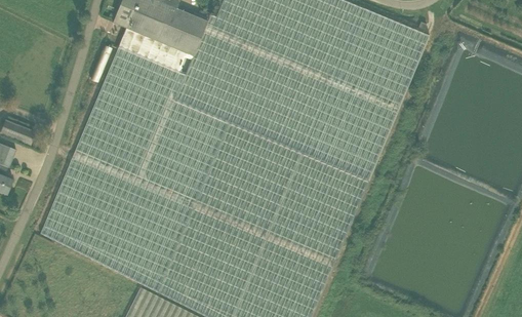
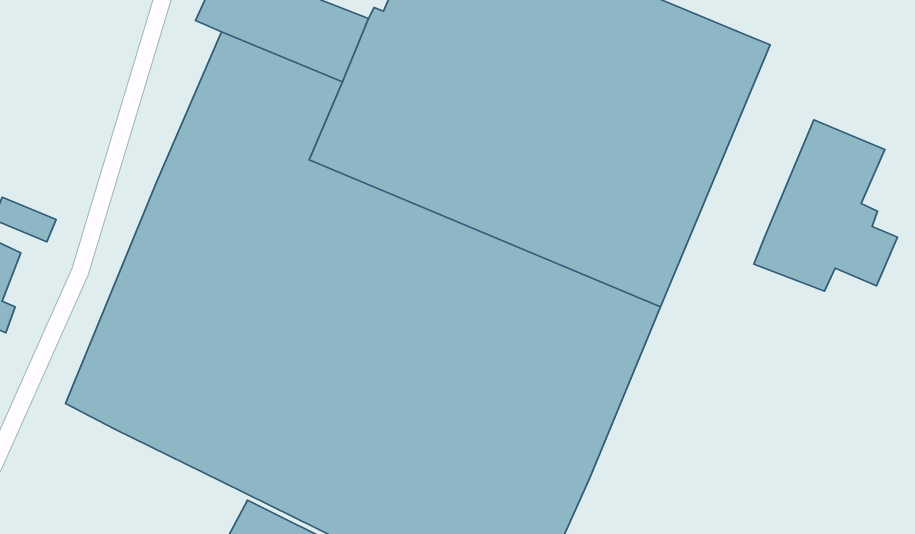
building: none -> [754,120,897,291]

